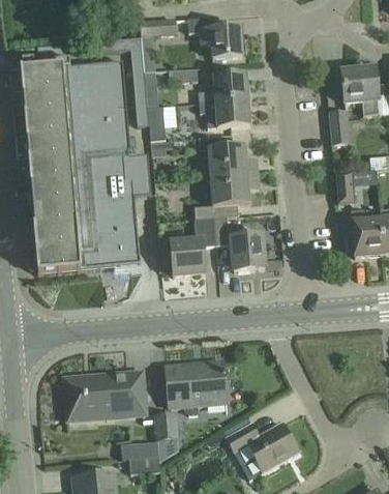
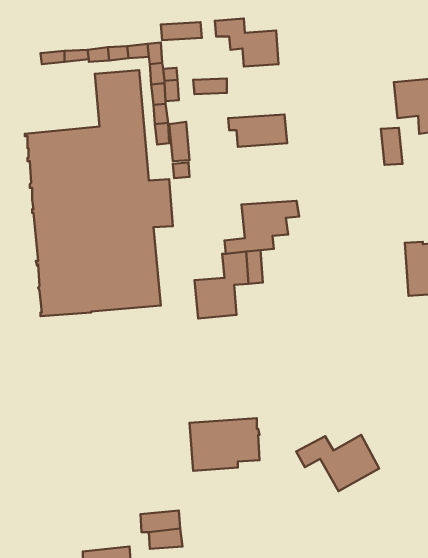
building: [20,59,88,116] -> none
building: [199,74,247,103] -> none
building: [199,135,258,177] -> none
building: [335,171,355,204] -> none
building: [231,234,264,270] -> none
building: [64,372,146,420] -> none
building: [157,412,178,460] -> none
building: [227,423,298,471] -> [296,435,379,491]

